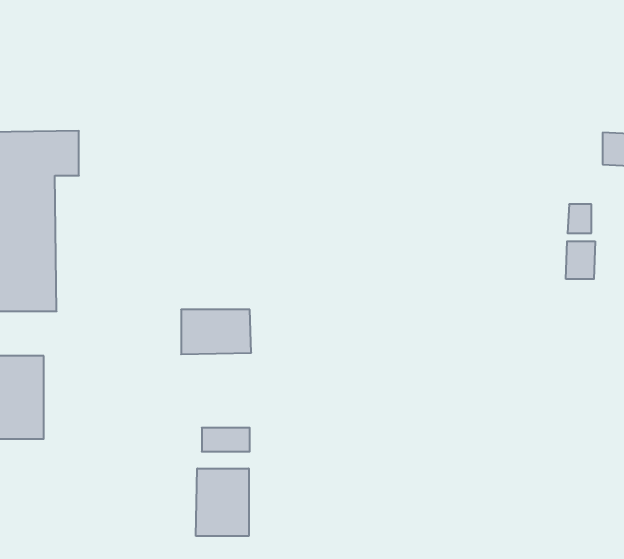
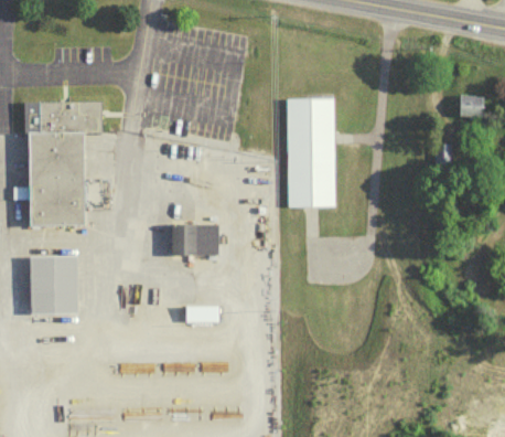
building: none -> [286,98,333,207]
building: [566,241,595,279] -> none
building: [196,468,249,536] -> none

